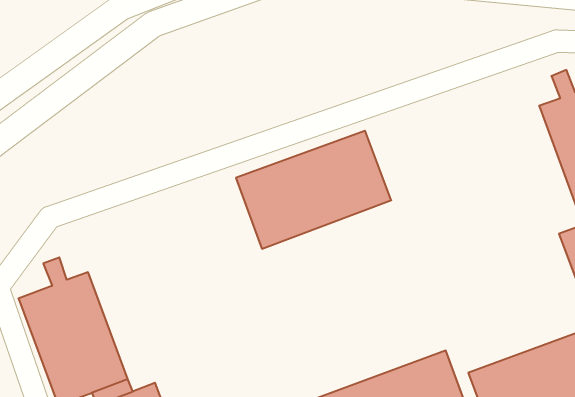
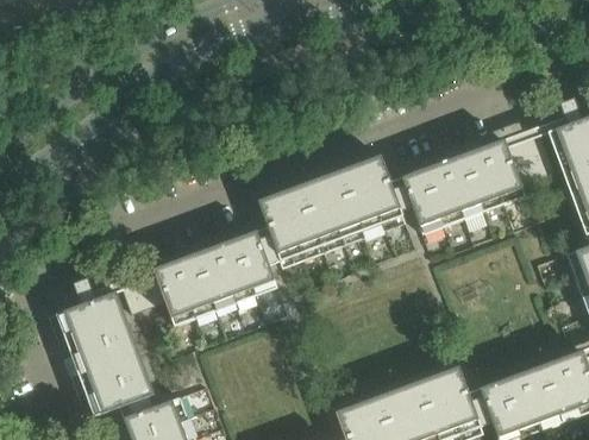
building: none -> [401,133,556,233]
building: none -> [124,230,277,325]

